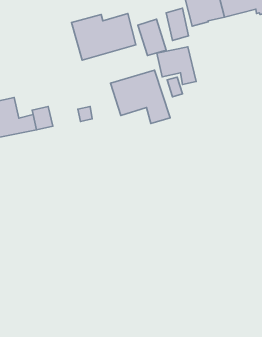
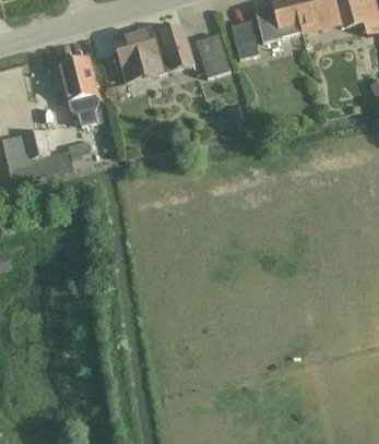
building: none -> [60,58,98,116]
building: [157,47,196,84] -> none
building: [111,70,170,124] -> none

